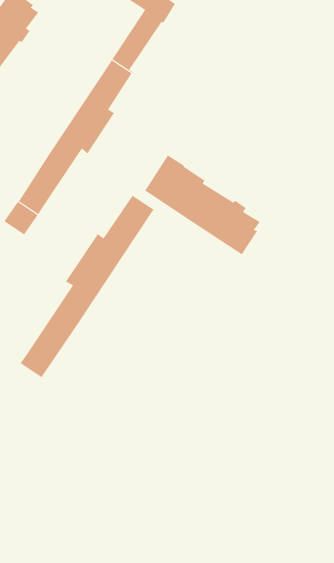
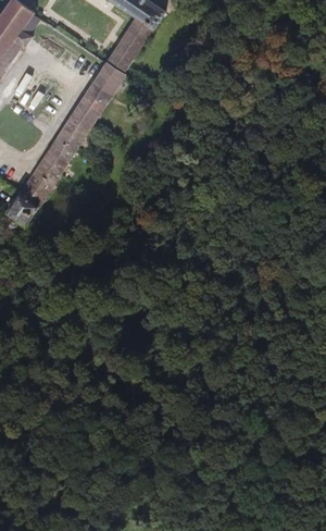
building: [144,154,260,255] -> none
building: [20,195,155,378] -> none

